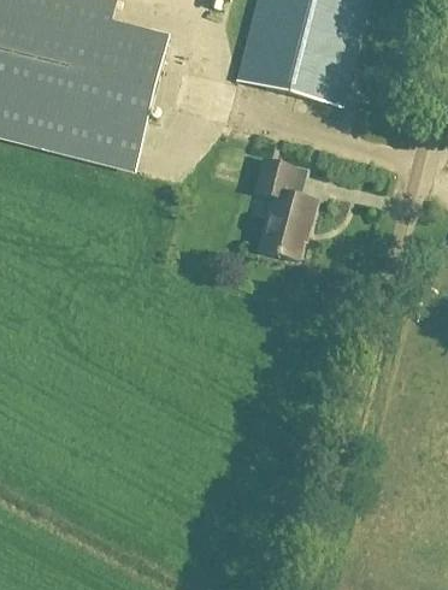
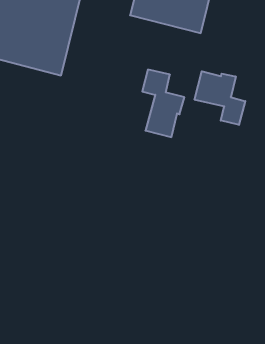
building: none -> [195,71,245,125]

